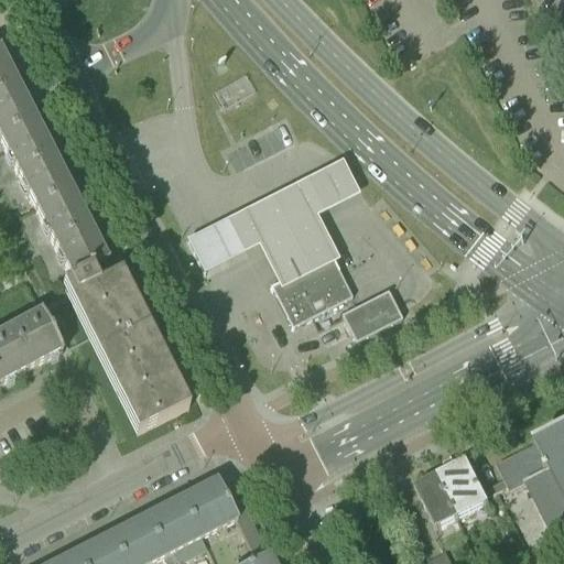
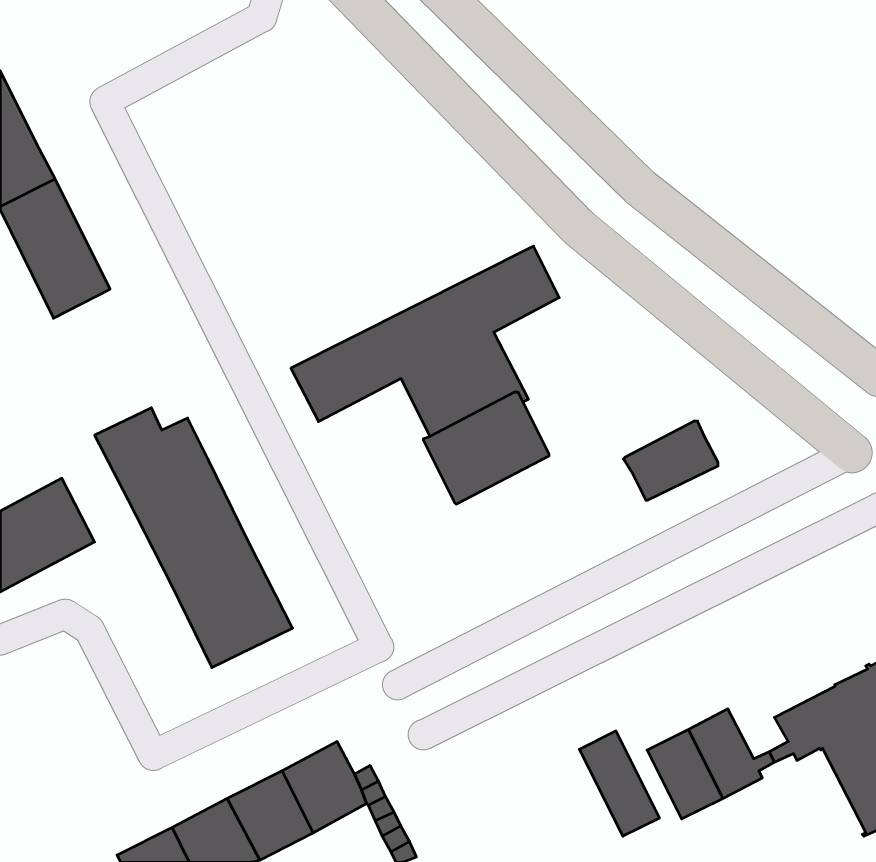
building: [36,185,108,274] -> none
building: [343,286,403,337] -> [623,421,718,500]
building: none -> [579,731,659,836]

